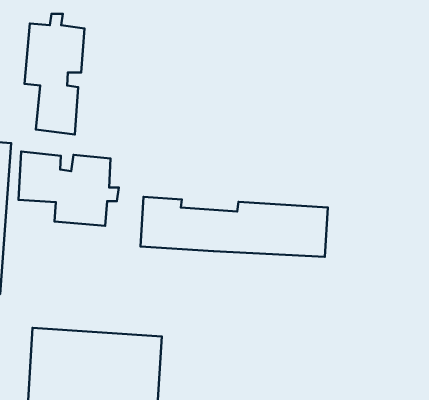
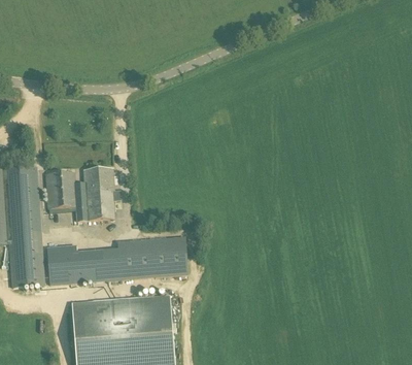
building: [25,14,84,135] -> none
building: [141,197,328,257] -> [46,235,187,284]

